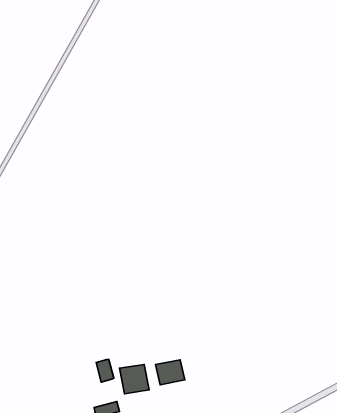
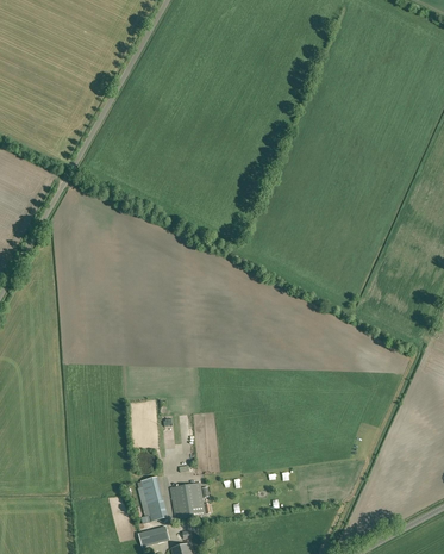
building: [156,360,185,385] -> none

